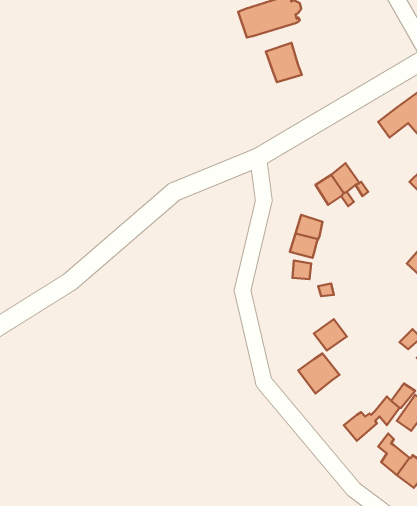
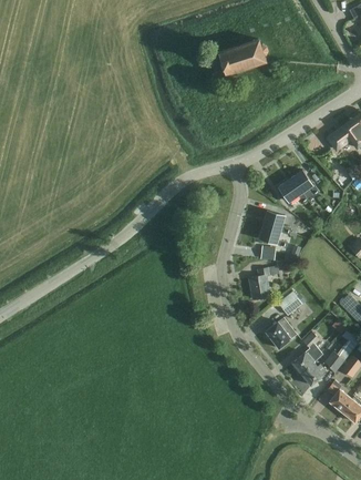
building: [266,43,302,82] -> none
building: none -> [248,265,279,298]
building: none -> [291,331,322,372]

